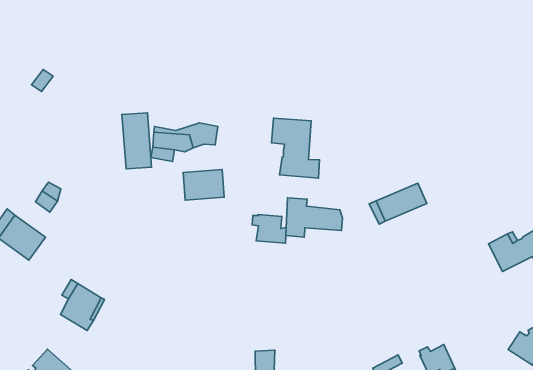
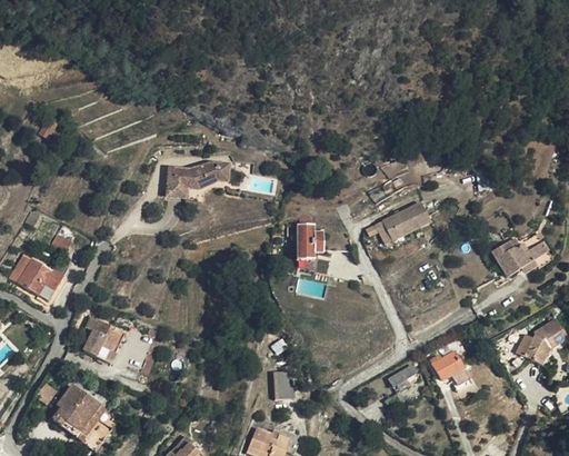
building: [122,113,152,169] -> none
building: [271,118,320,178] -> none
building: [183,169,224,200] -> none
building: [252,215,286,243] -> none

